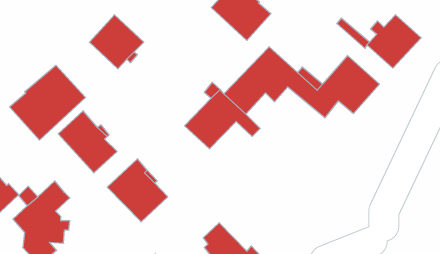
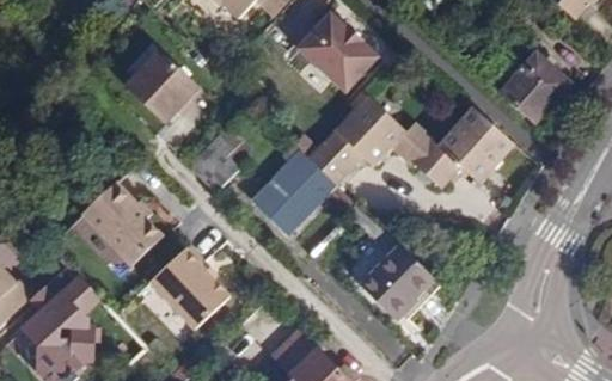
building: [10,65,86,140] -> none
building: none -> [186,125,241,193]
building: none -> [357,246,434,320]

